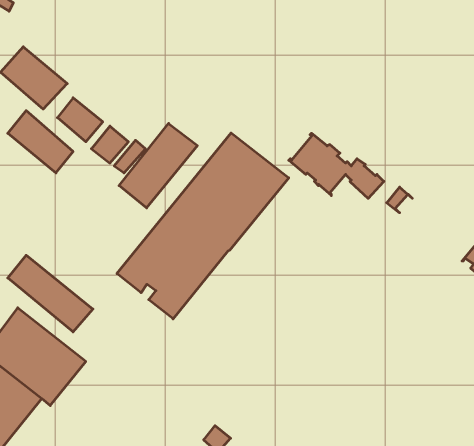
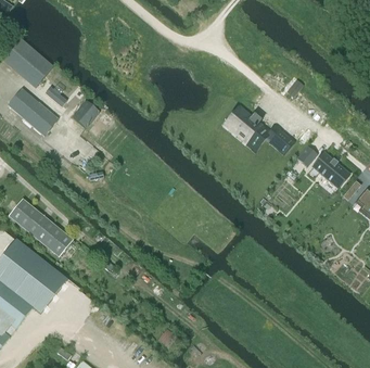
building: [119,123,197,208] -> none
building: [117,133,289,319] -> none
building: none -> [312,152,349,187]

